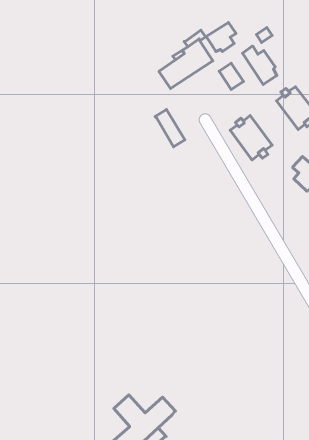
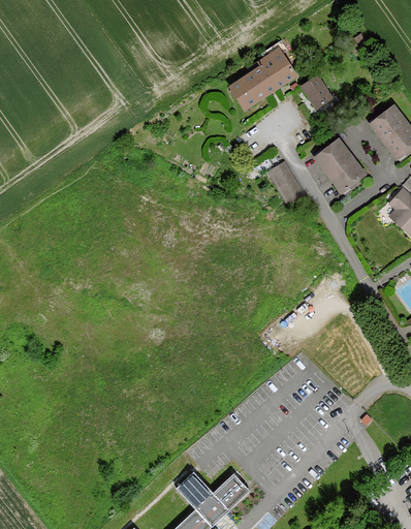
building: [206,22,236,52] -> none
building: [243,46,277,85] -> none
building: [155,109,185,147] -> [268,165,304,210]

